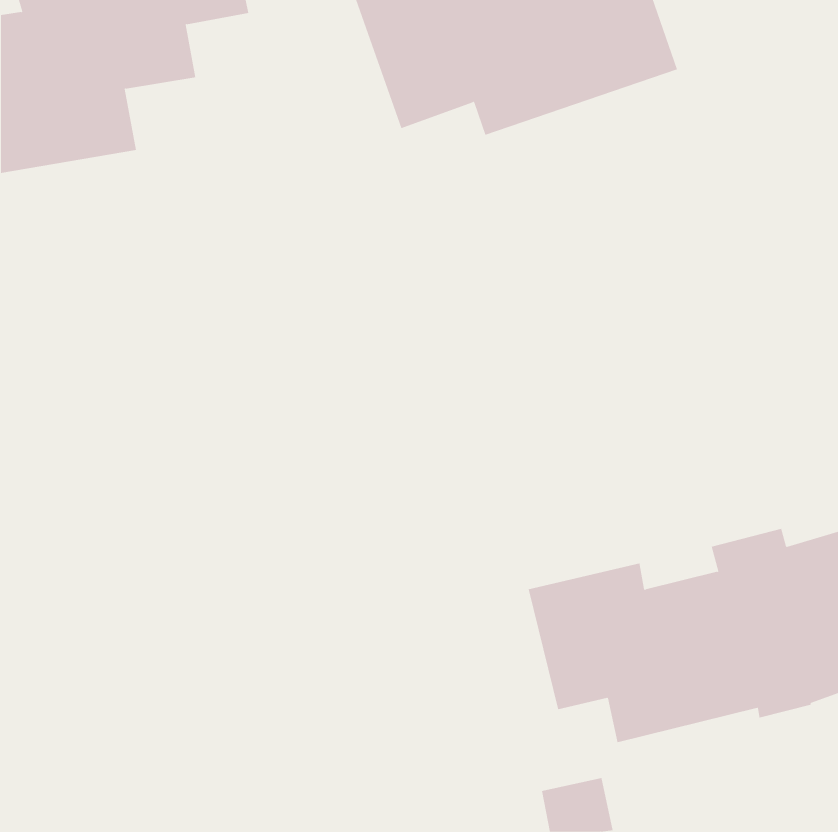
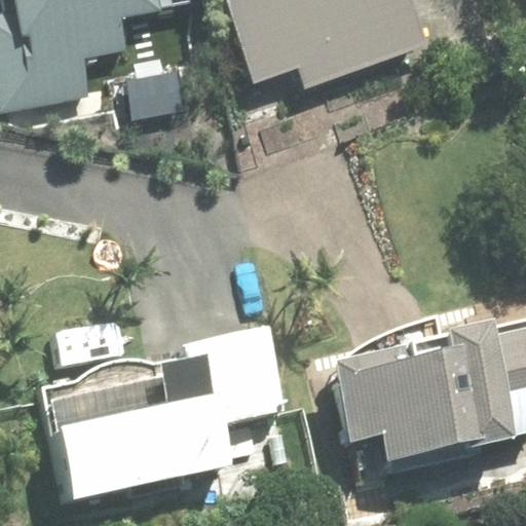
building: none -> [59,328,286,499]

